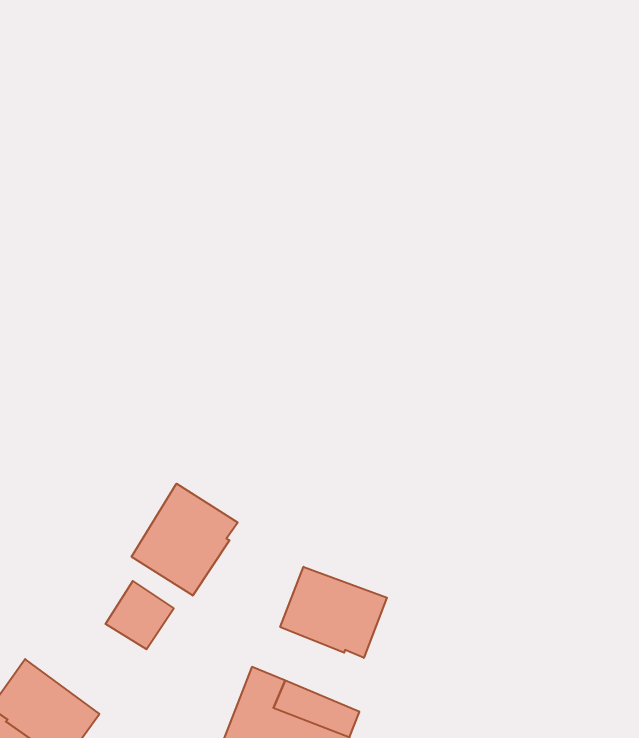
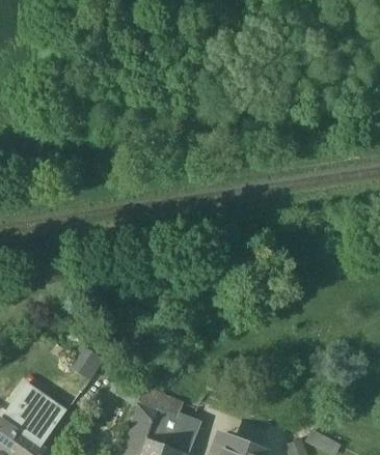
building: [132,484,238,596] -> none
building: [280,567,387,658] -> none

